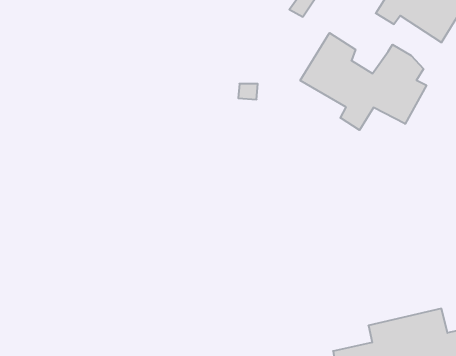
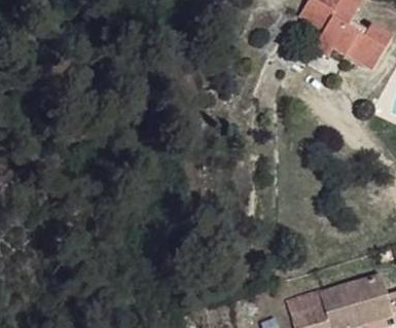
building: [300,33,426,130] -> none

